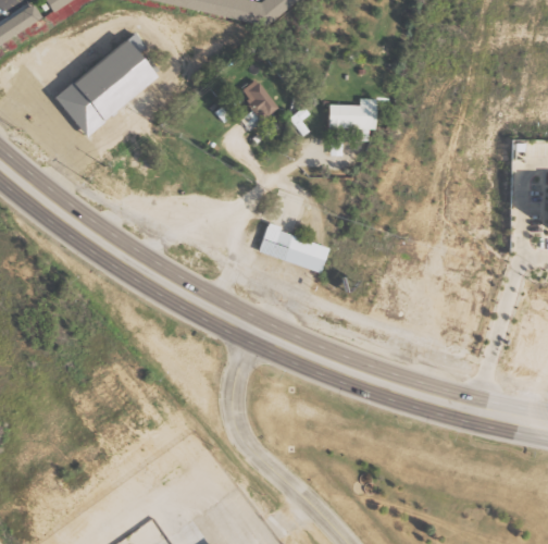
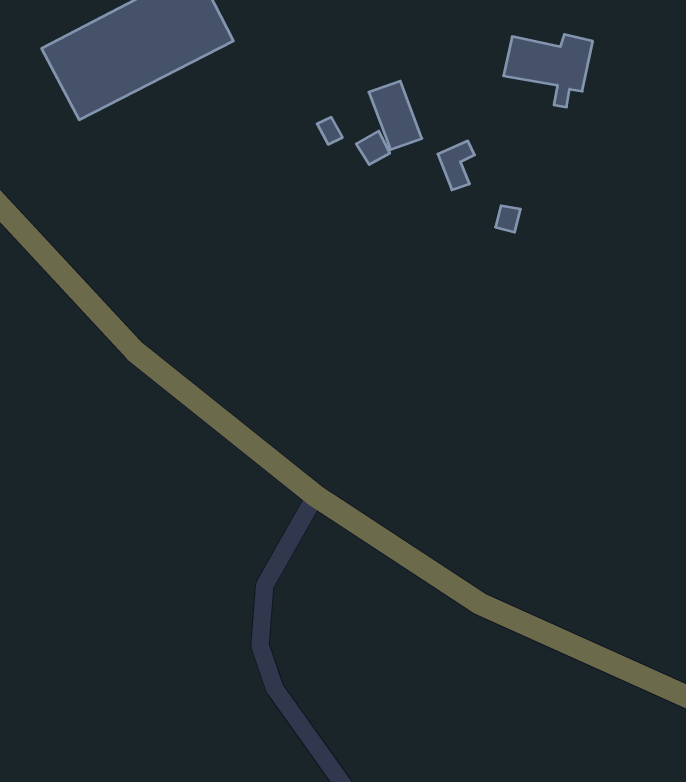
building: [333,99,382,141] -> [503,34,593,107]
building: [256,227,328,275] -> none

